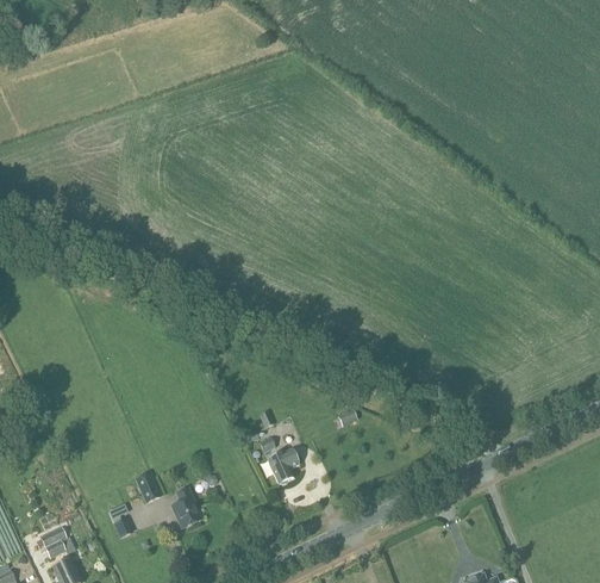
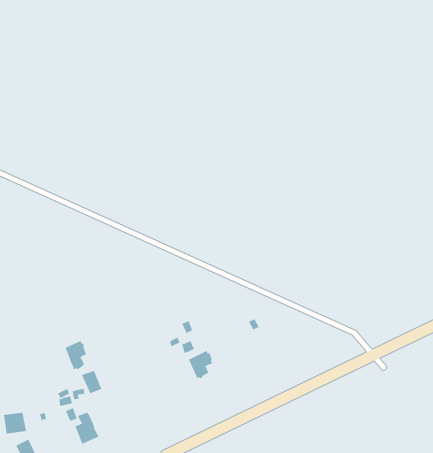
building: none -> [65,340,87,370]
building: [171,488,202,528] -> [74,412,99,444]

